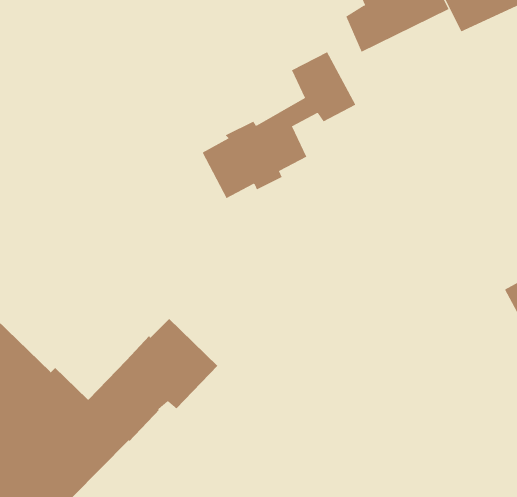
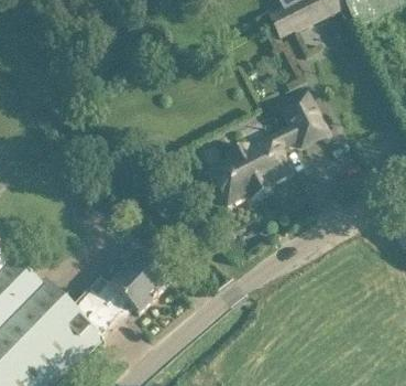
building: [202,51,356,199] -> [210,90,328,203]

